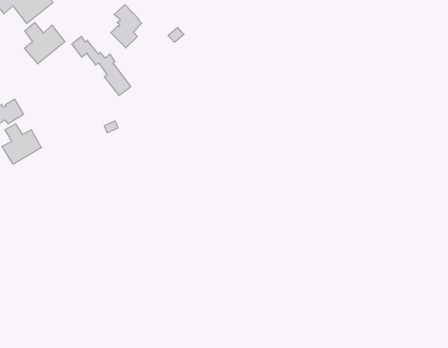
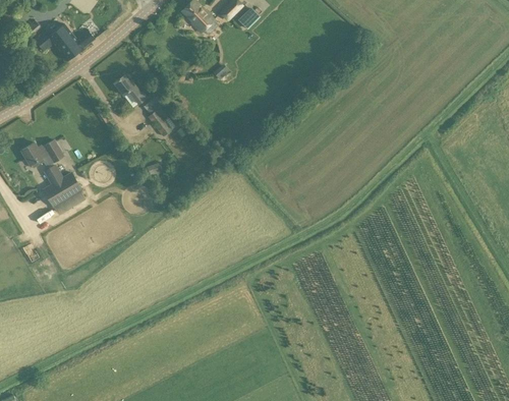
building: [111,5,142,48] -> none
building: [24,22,65,64] -> none

